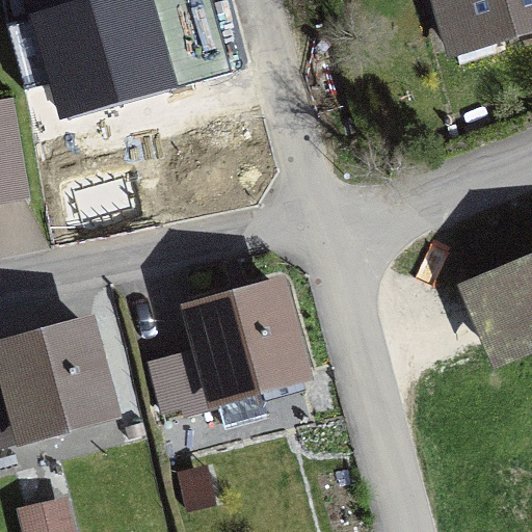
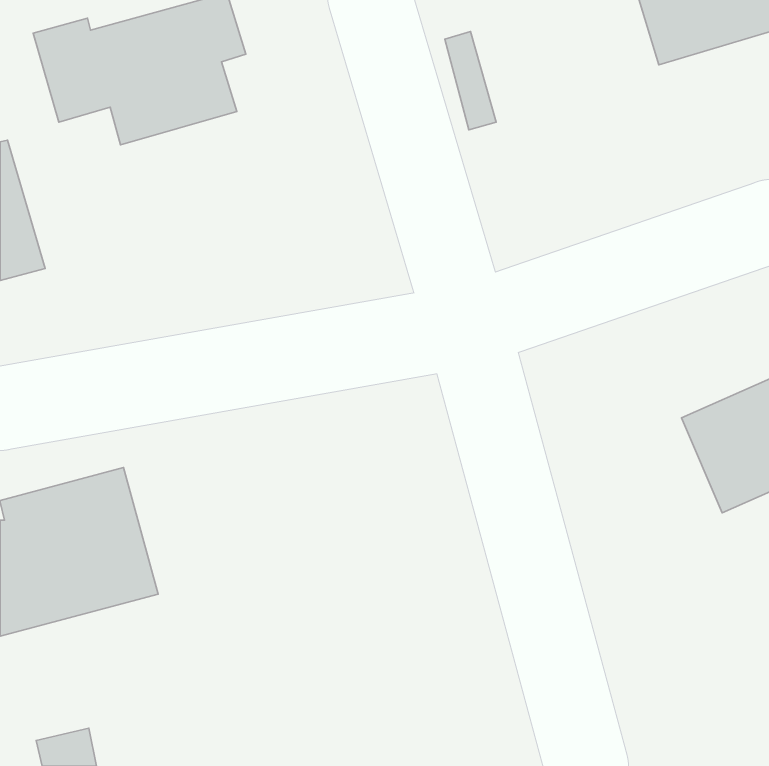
building: [152,285,307,423] -> none

